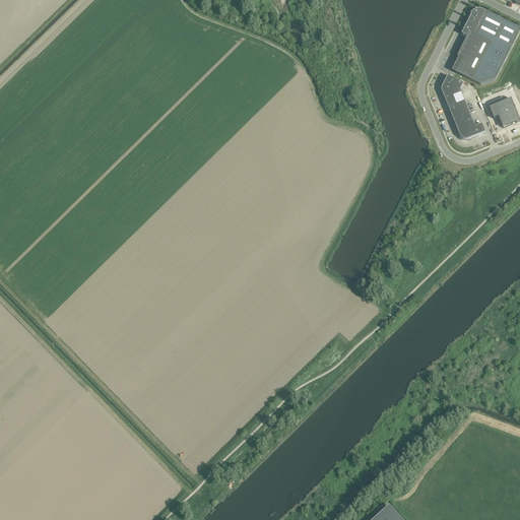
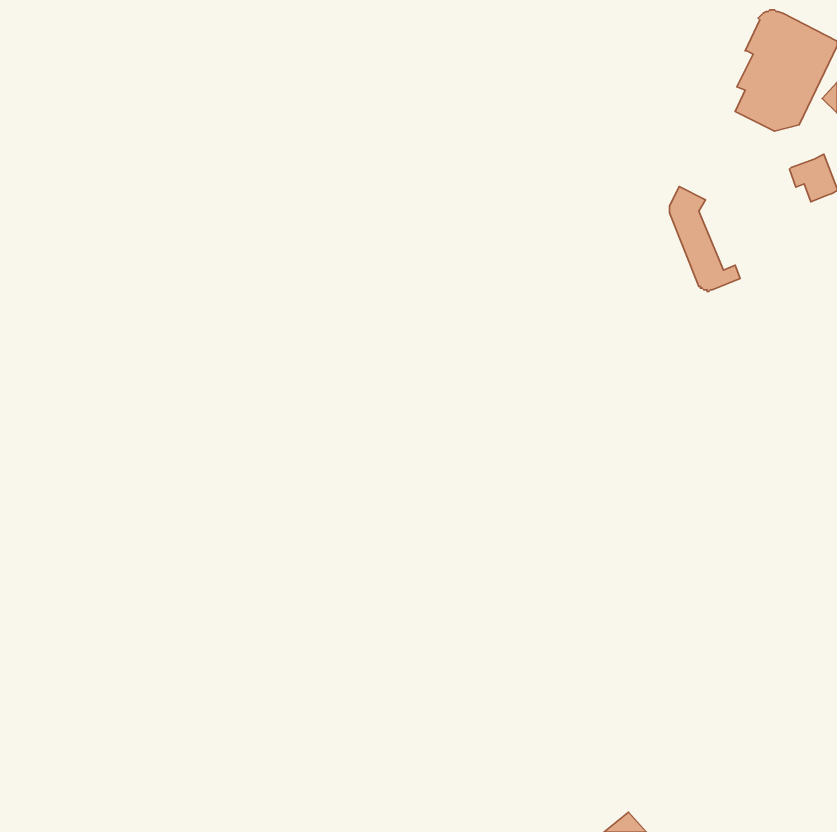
building: [441,72,484,137] -> [669,187,740,292]

